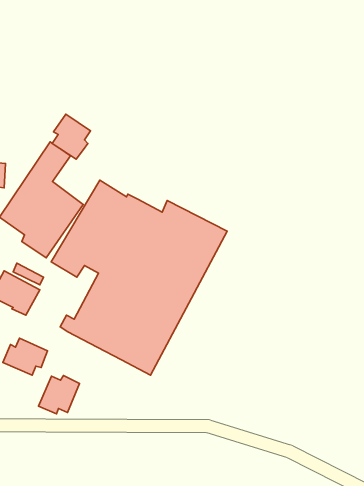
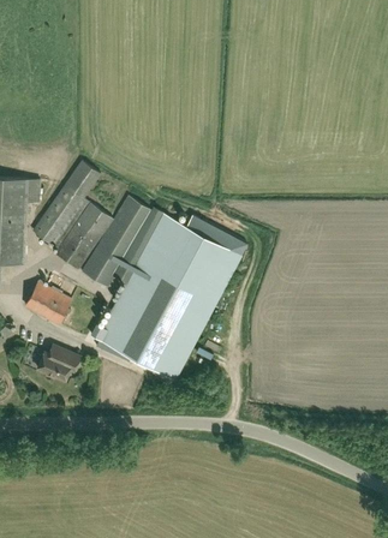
building: [52,114,90,159] -> none
building: [39,376,79,414] -> none

